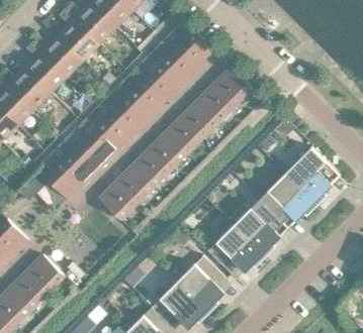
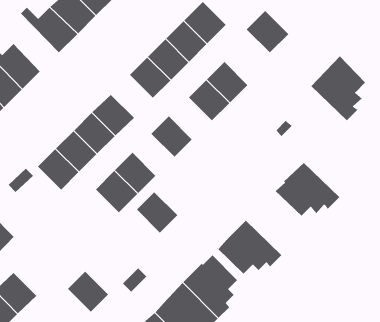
building: [24,43,65,95] -> none
building: [212,69,251,107] -> [246,10,289,53]
building: [111,98,149,136] -> none
building: [163,118,201,155] -> none
building: [283,148,333,207] -> [310,55,366,121]
building: [130,150,168,188] -> [136,191,178,233]
building: [232,201,281,258] -> none
building: [24,257,62,295] -> [67,271,109,313]

